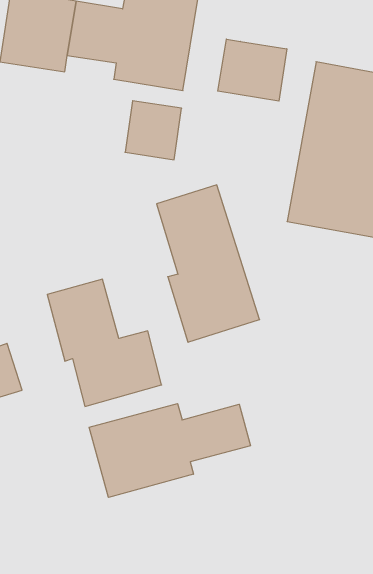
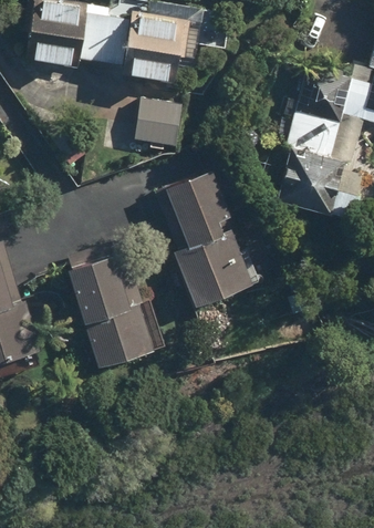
building: [218,39,287,101] -> none
building: [89,404,250,497] -> none

